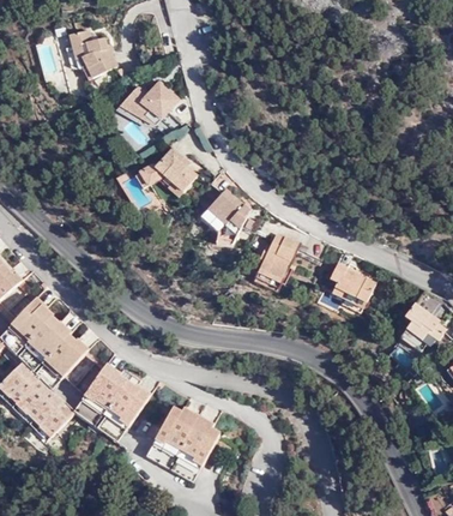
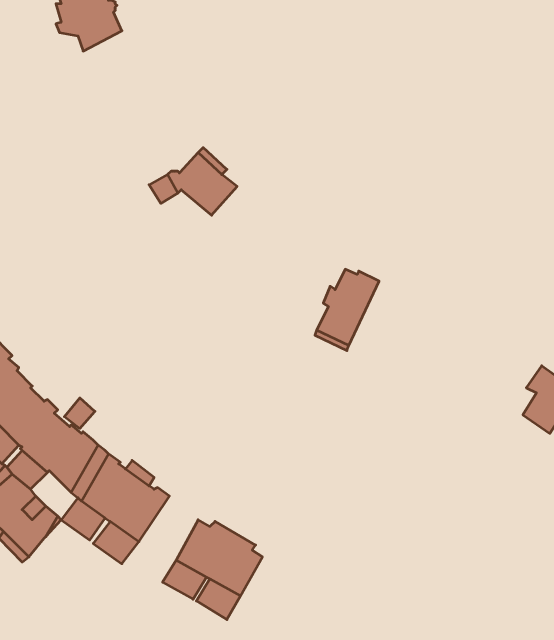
building: [121,79,180,122] -> none
building: [201,187,247,244] -> none
building: [330,262,375,312] -> none

